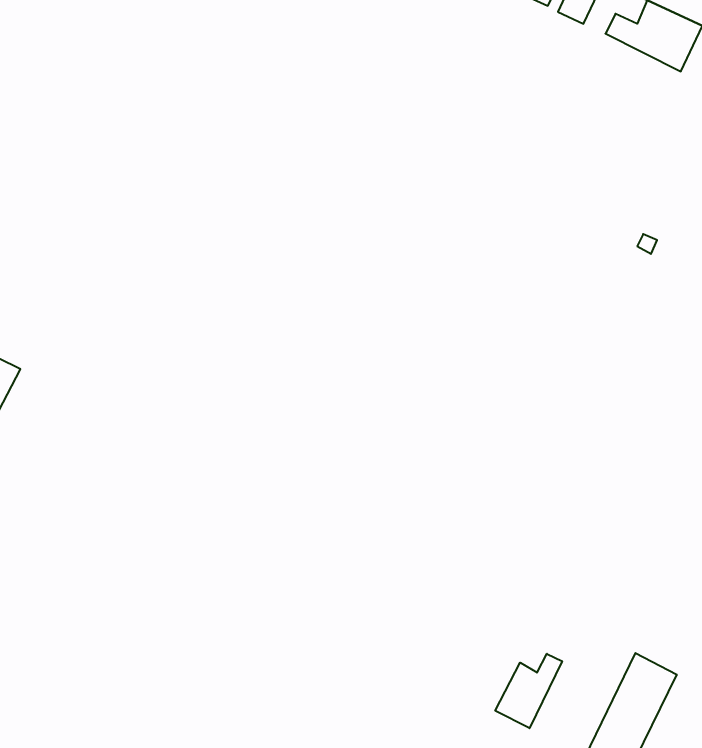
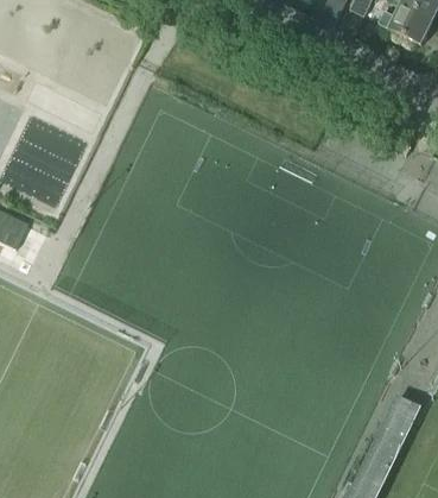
building: [495,654,562,728] -> none

